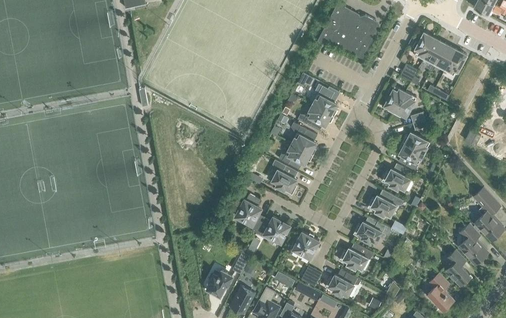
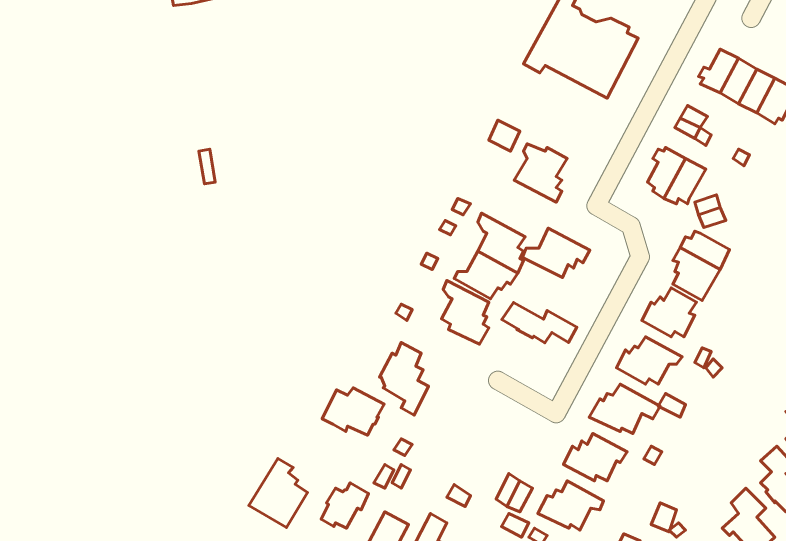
building: [298,104,335,131] -> [523,228,590,277]
building: none -> [502,302,577,343]
building: [257,216,291,242] -> [322,388,384,435]
building: [293,232,320,258] -> none
building: none -> [249,459,307,527]

